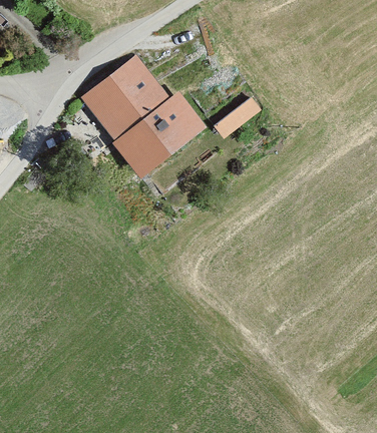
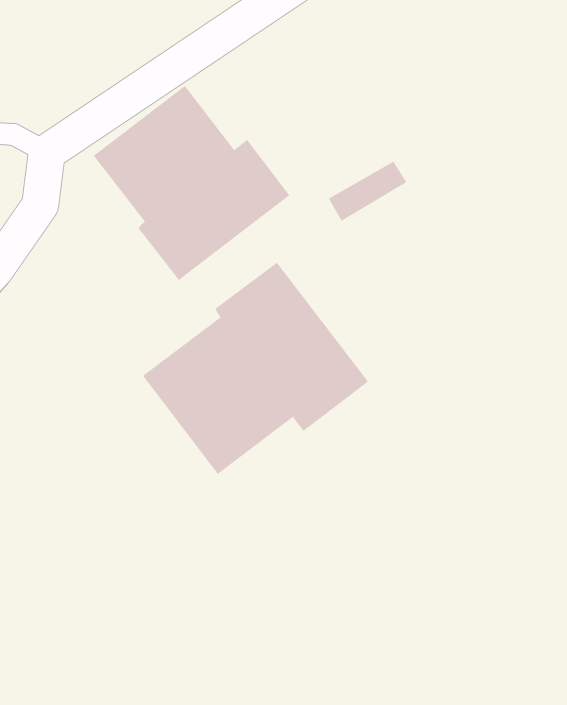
building: none -> [142,262,369,475]

